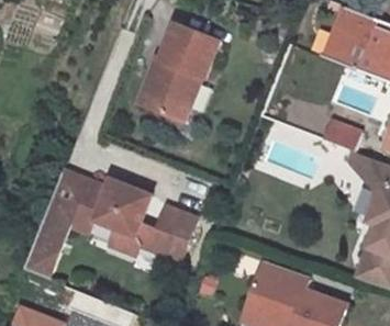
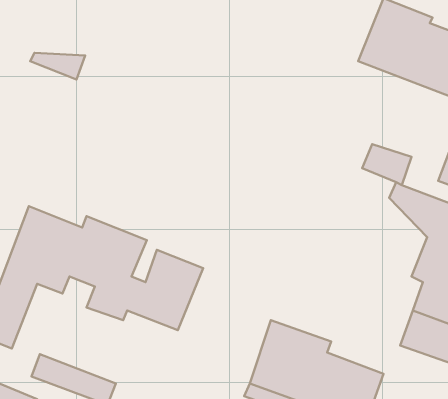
building: [131,24,209,119] -> none

